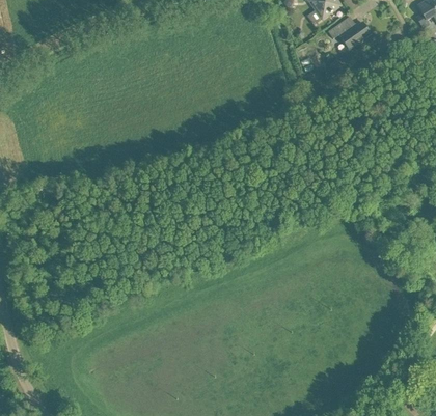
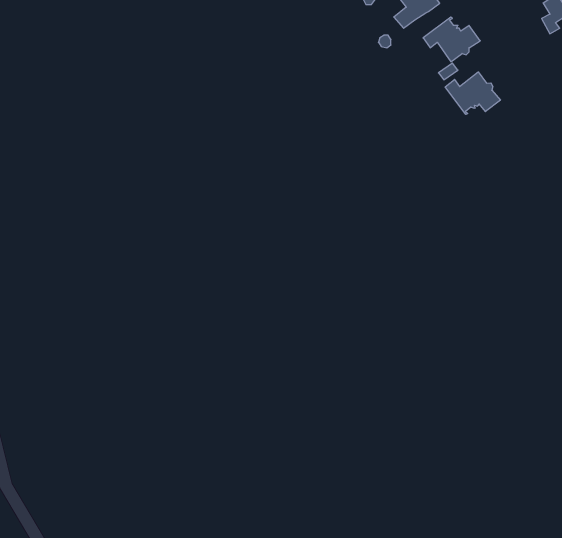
building: none -> [445,72,500,114]

